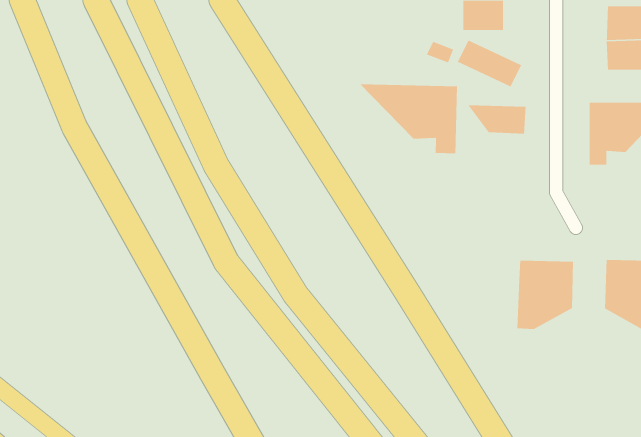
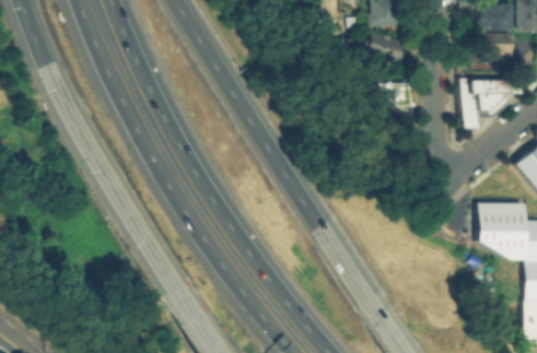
building: [359,84,458,154] -> none
building: [516,260,574,330] -> none

